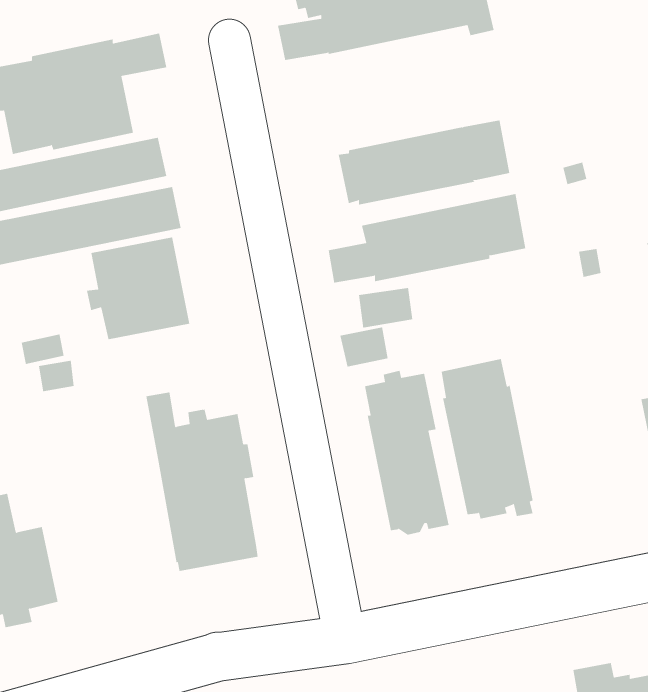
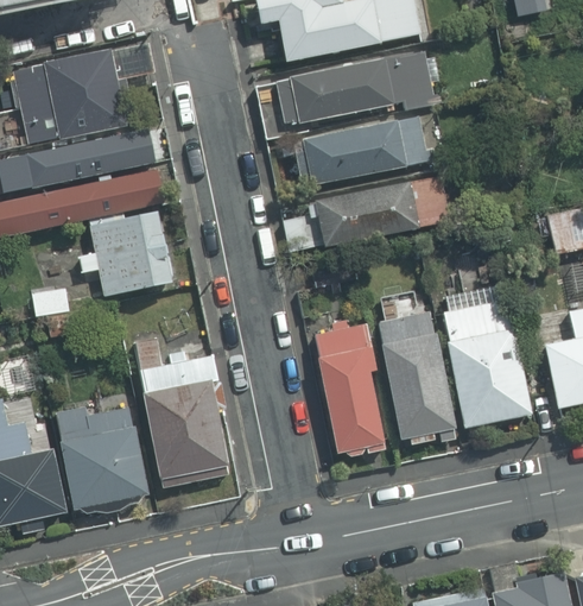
building: none -> [258,50,437,137]
building: none -> [444,298,532,427]
building: none -> [58,405,150,512]

